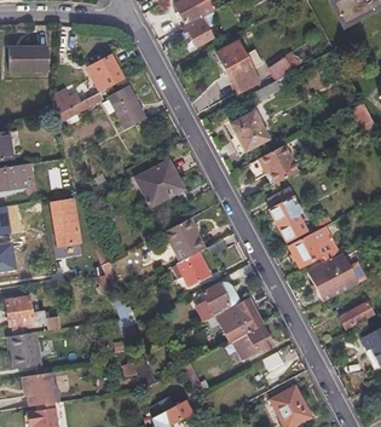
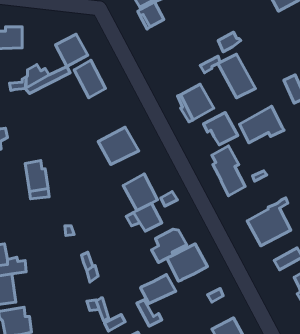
building: [217,41,260,92] -> [218,54,255,98]
building: [290,224,342,266] -> [239,106,284,143]
building: [233,324,275,358] -> [140,274,176,304]

